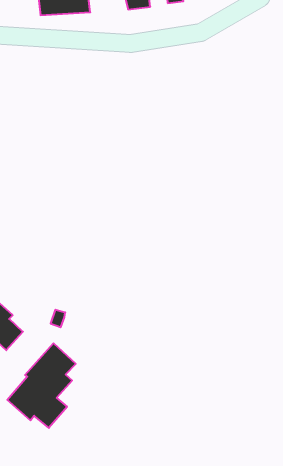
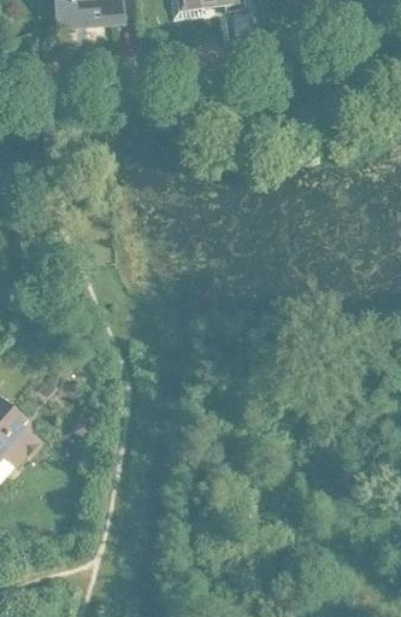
building: [7,343,76,428] -> none

